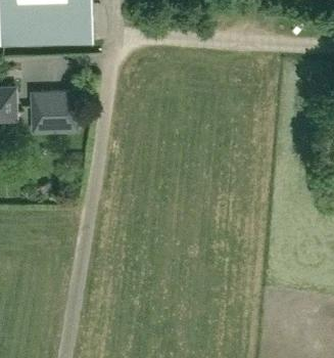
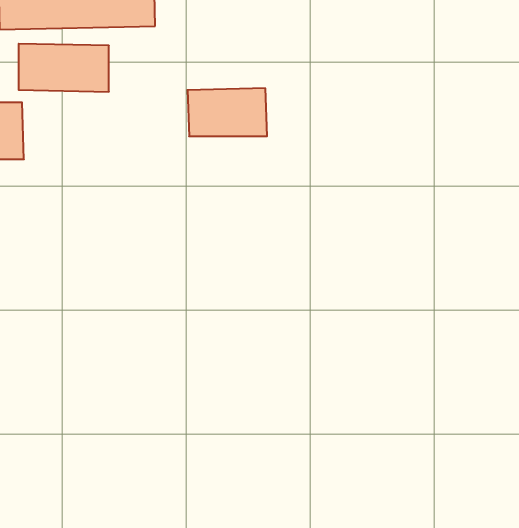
building: [31,93,77,121] -> [187,88,267,136]

